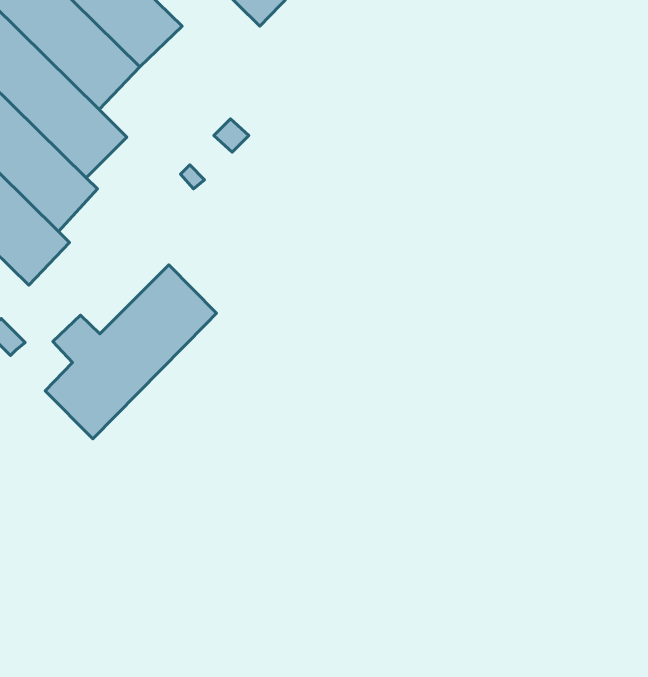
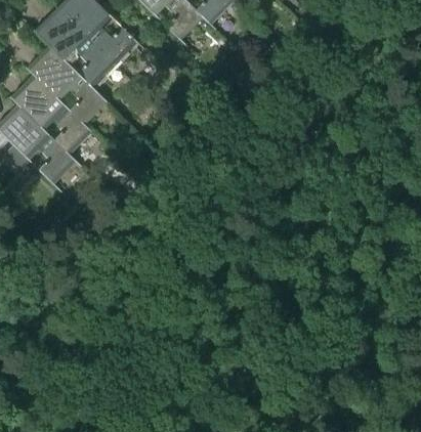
building: [45,265,216,439] -> none

